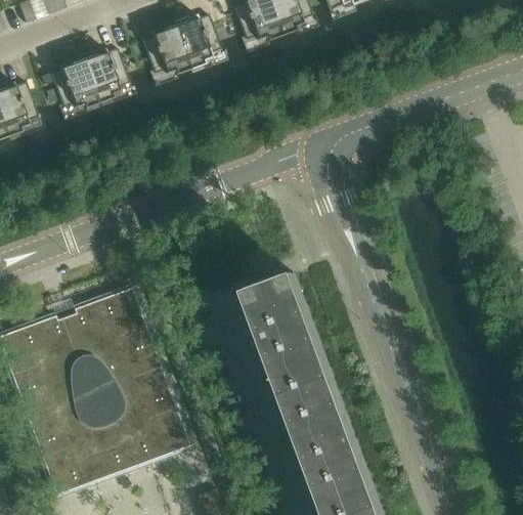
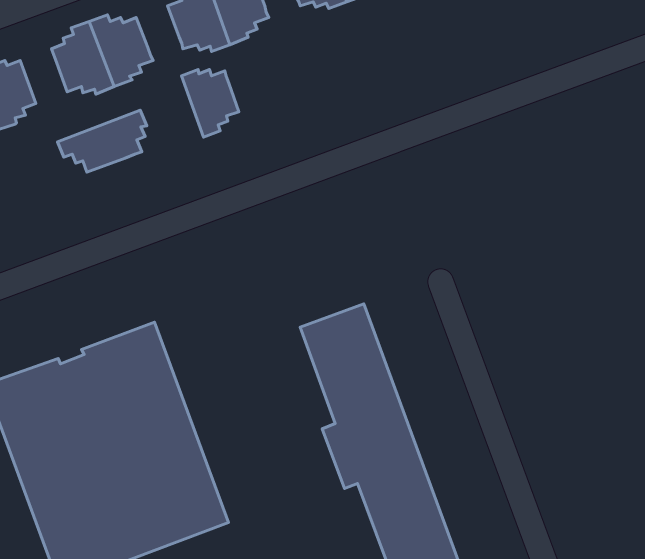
building: none -> [181,69,239,137]
building: none -> [58,110,147,172]

